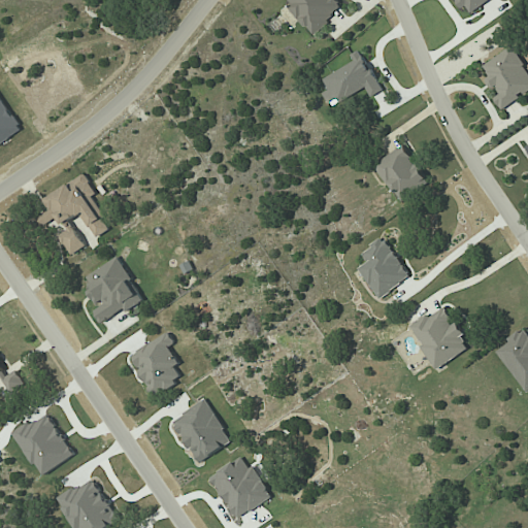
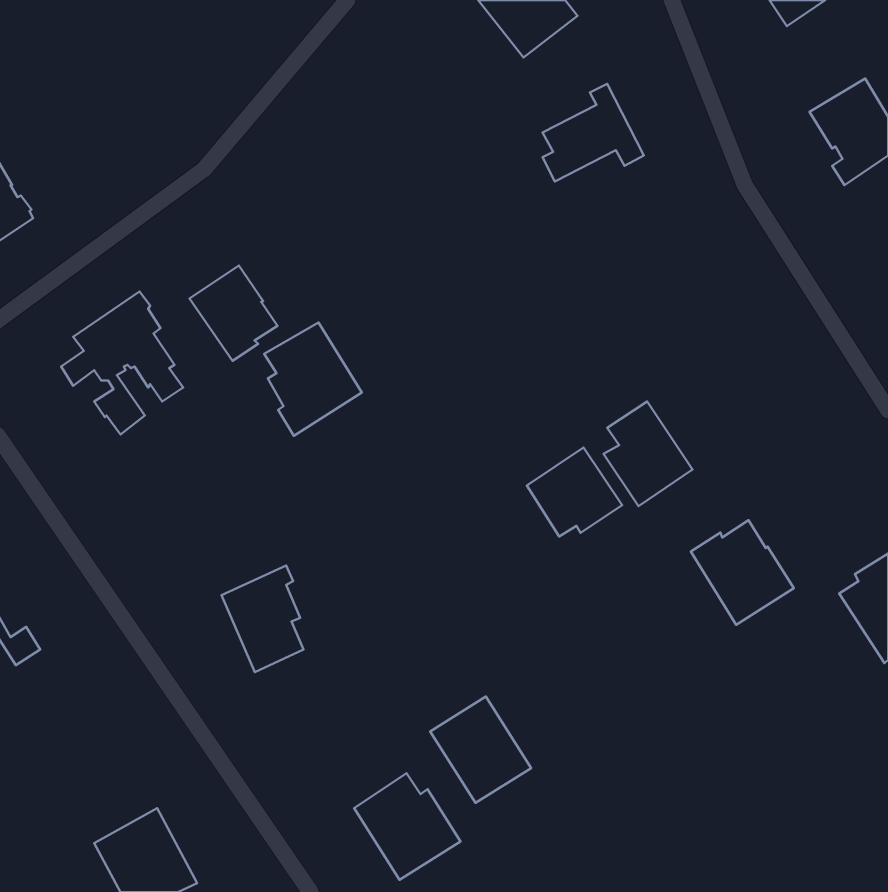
building: [373,145,427,202] -> none
building: none -> [190,265,278,361]
building: [85,258,142,325] -> [264,323,362,436]
building: none -> [527,448,622,537]
building: [171,400,231,463] -> [430,696,531,803]
building: [13,412,73,476] -> none

